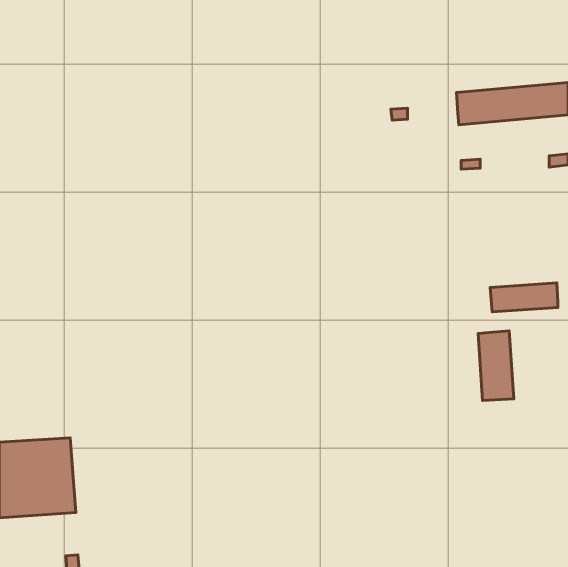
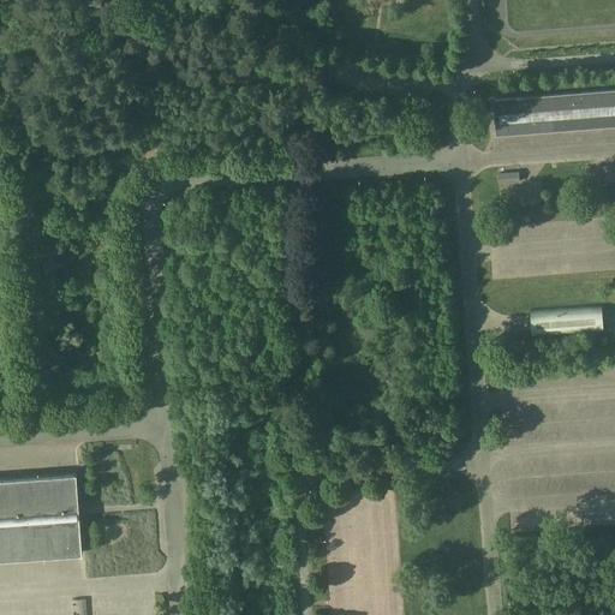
building: [478,331,514,400] -> none

